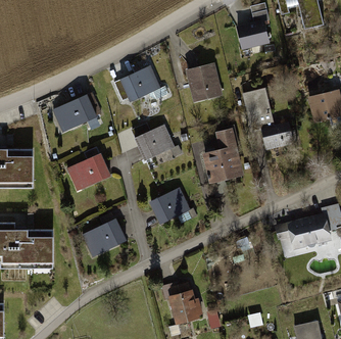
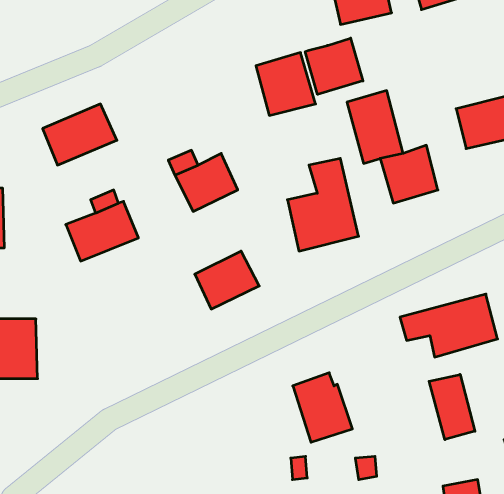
building: none -> [305,38,363,94]
building: [113,67,159,106] -> none
building: [79,215,124,255] -> none
building: none -> [429,374,475,440]
building: [167,283,204,326] -> [293,373,352,442]

